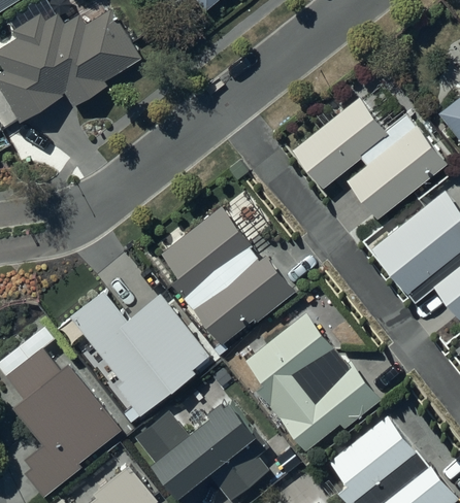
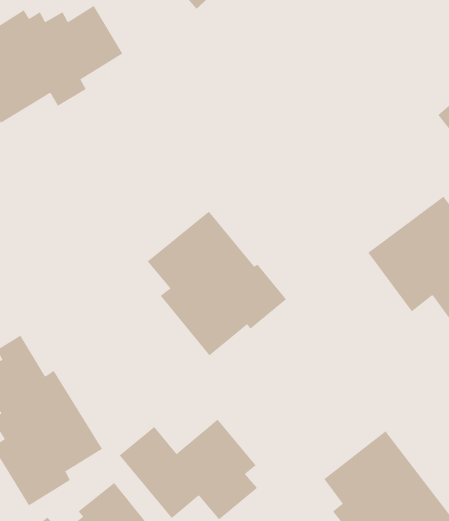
building: [292,101,443,219] -> none
building: [67,287,209,412] -> none
building: [247,312,375,450] -> none

